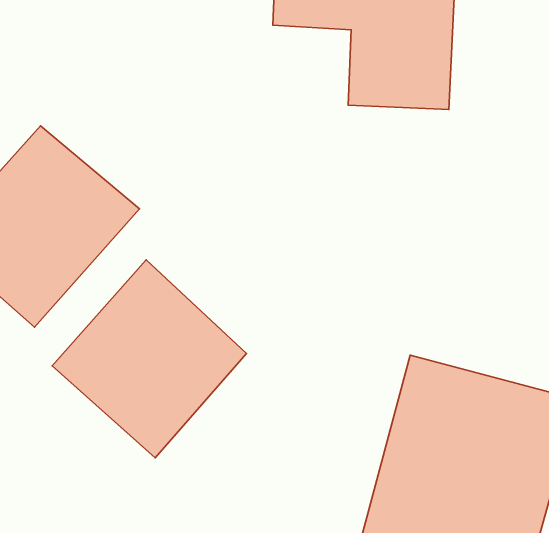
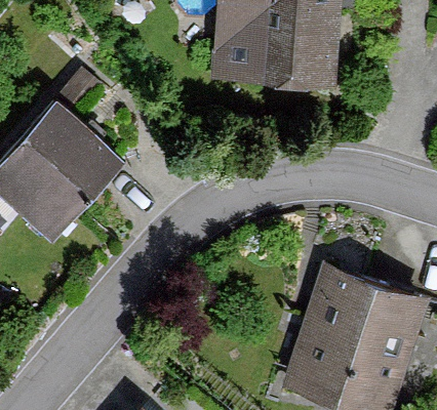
building: [52,260,246,458] -> none

